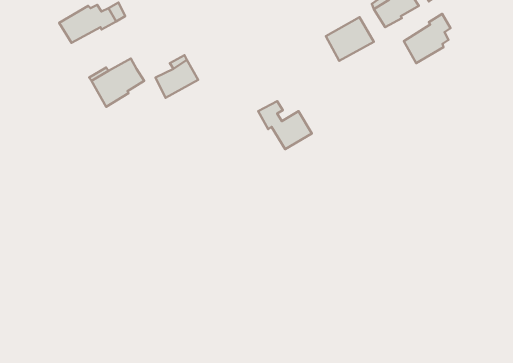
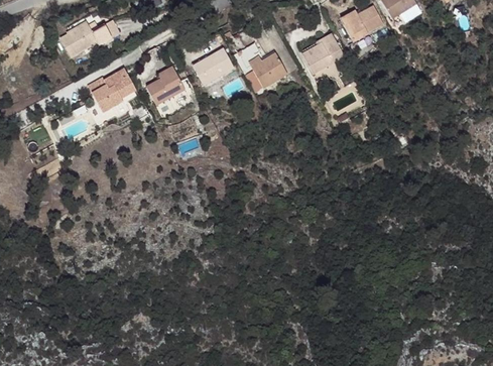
building: [404,14,451,63] -> none
building: none -> [193,47,233,83]
building: [258,101,312,149] -> [239,43,287,87]

